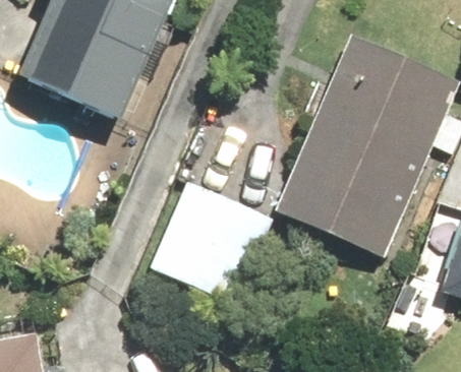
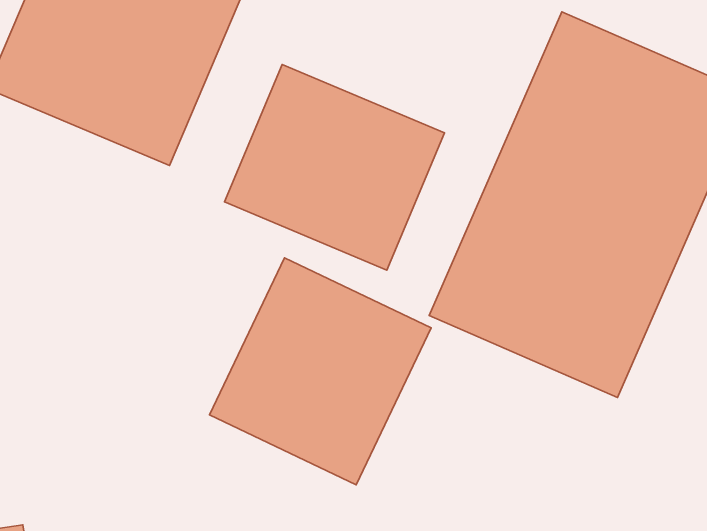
building: none -> [225,64,445,270]

